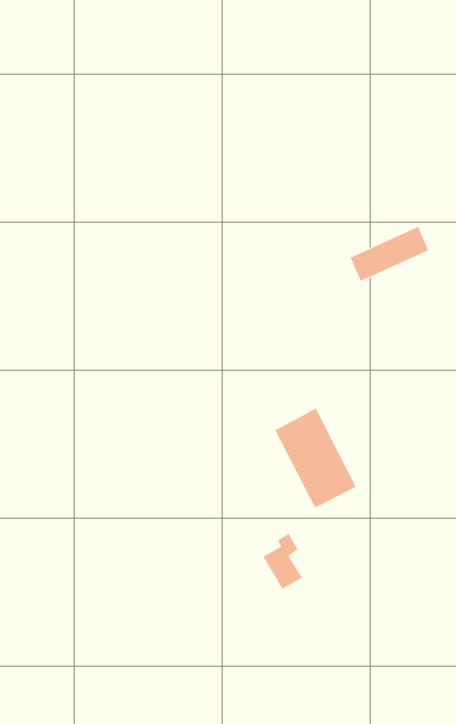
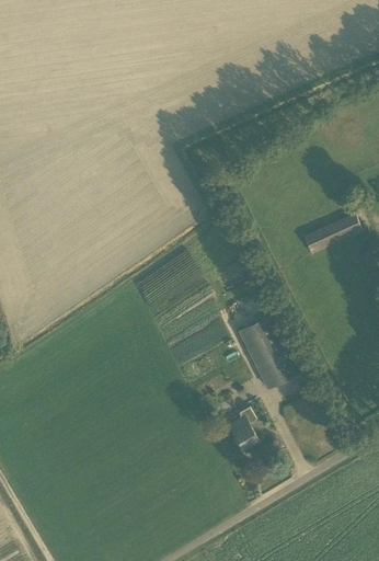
building: [350,226,429,281] -> [302,213,360,253]

